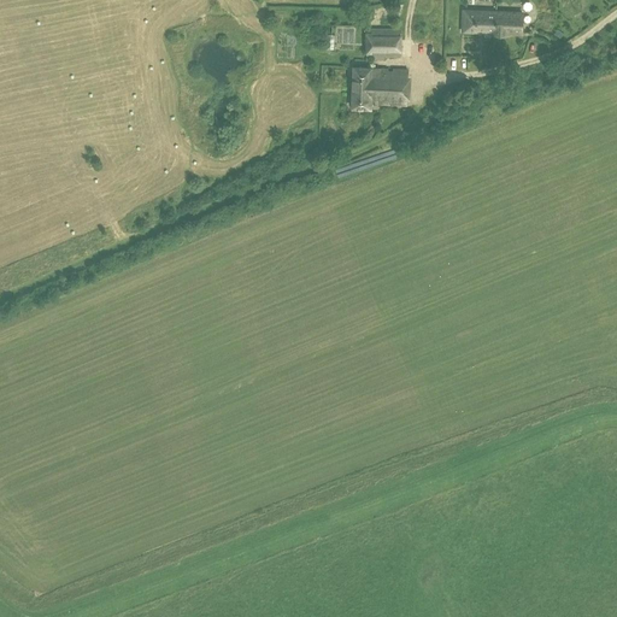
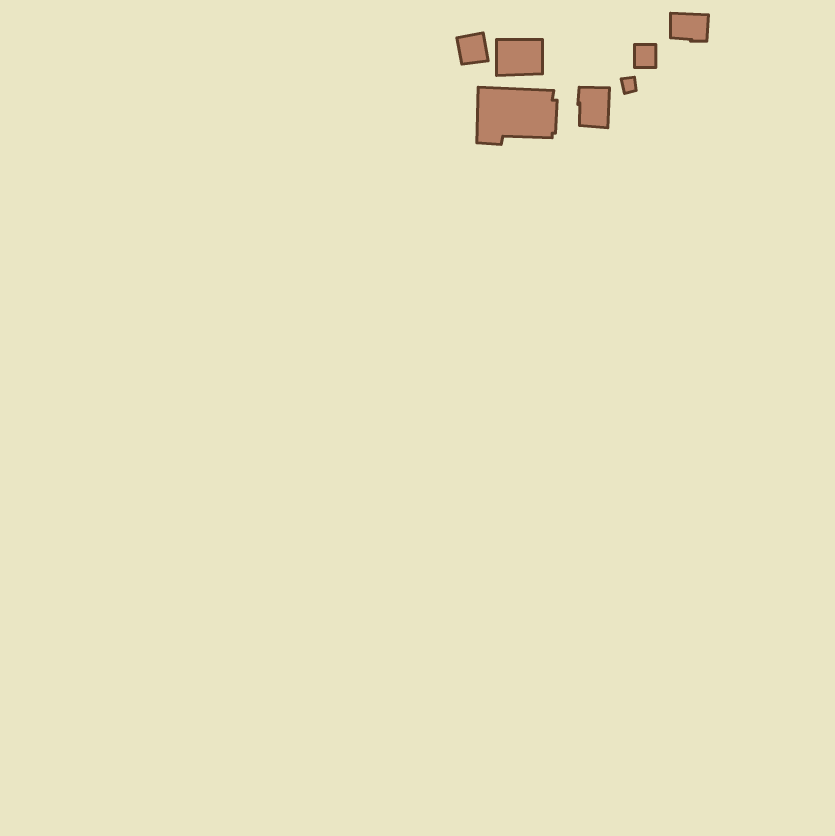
building: [462,8,492,29] -> none
building: none -> [578,87,610,128]

